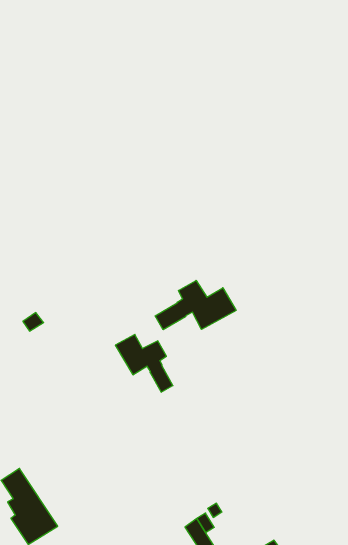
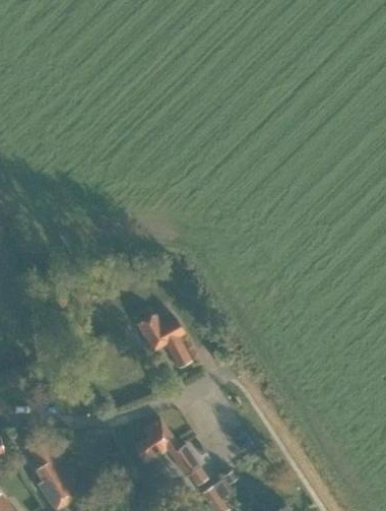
building: [155,280,236,330] -> none
building: none -> [132,418,208,489]

